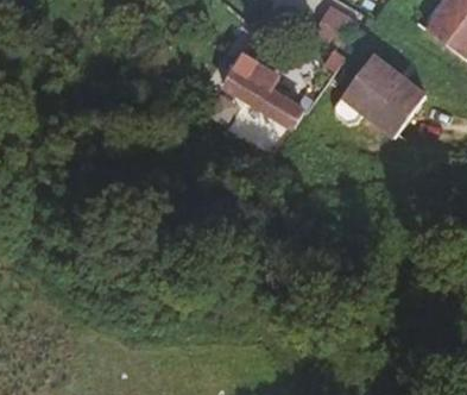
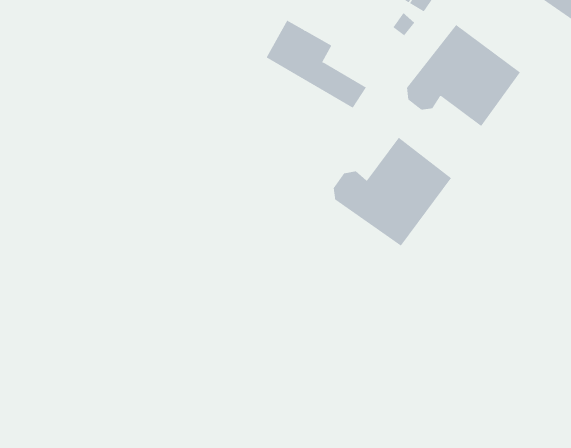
building: none -> [333,137,452,246]

